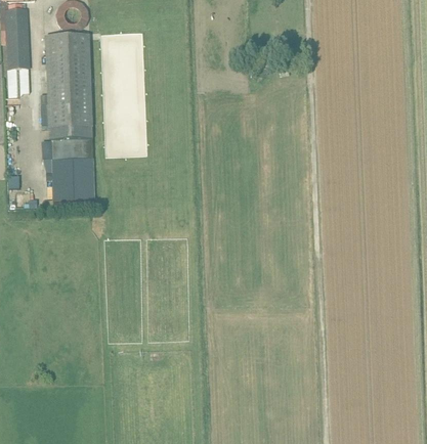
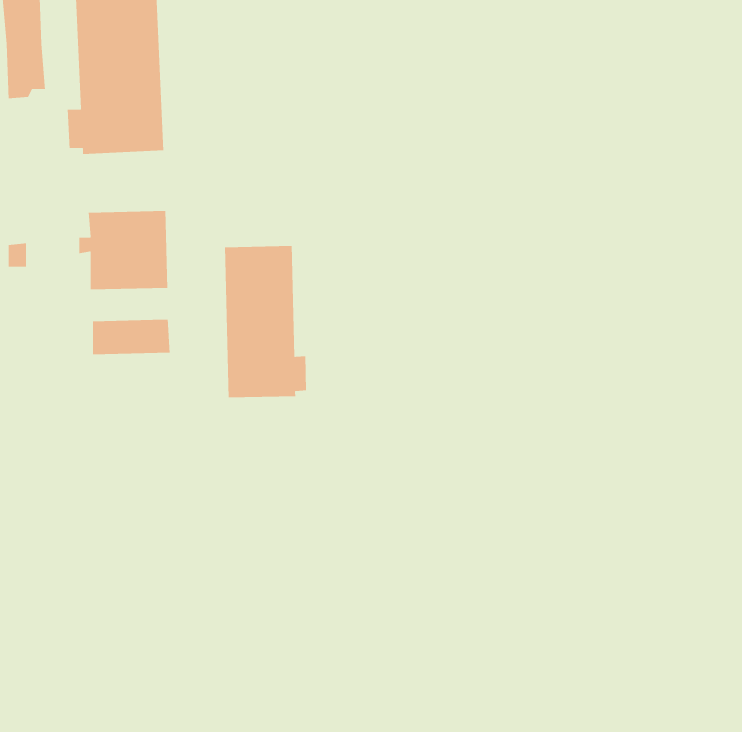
building: [51,138,93,158] -> [92,319,170,355]
building: none -> [224,245,307,398]

